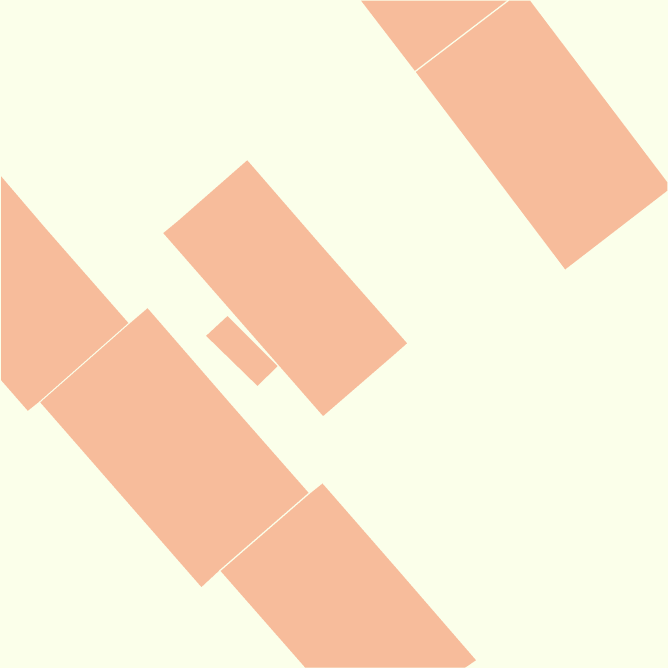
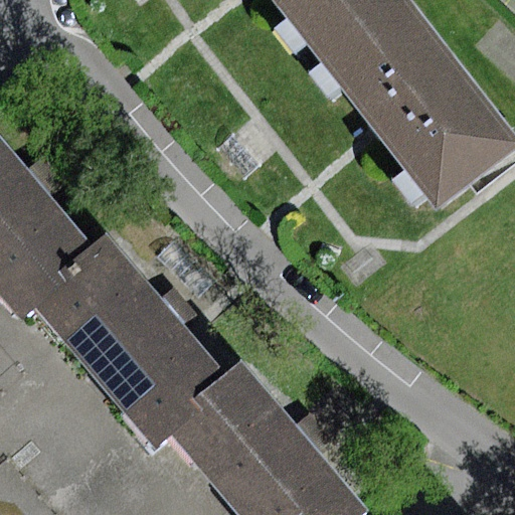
building: [162,159,408,417] -> none

